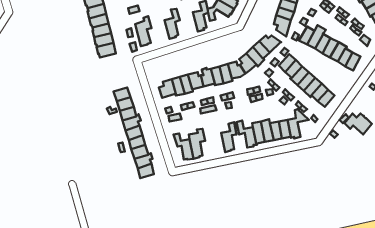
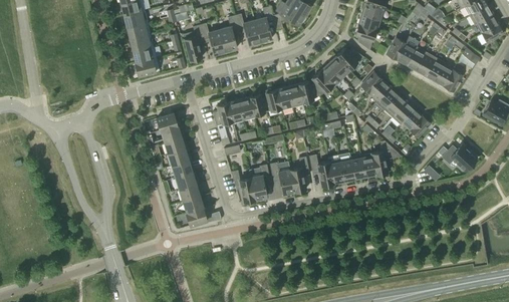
building: none -> [234,13,260,45]
building: none -> [199,22,225,54]
building: none -> [269,161,294,194]

